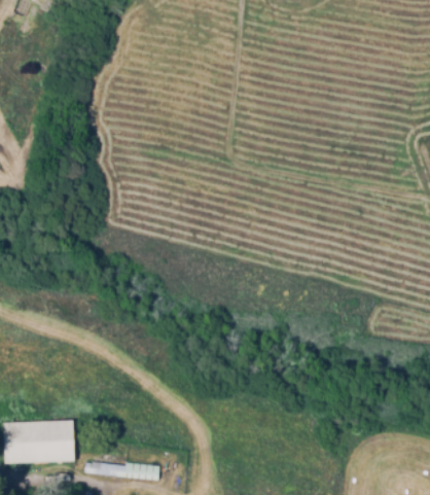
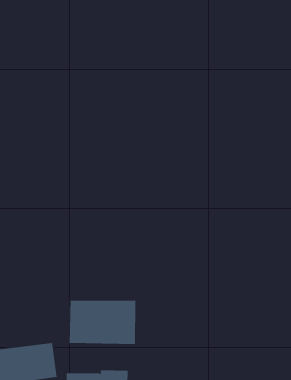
building: none -> [69,300,136,345]

